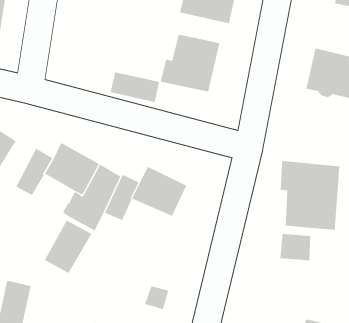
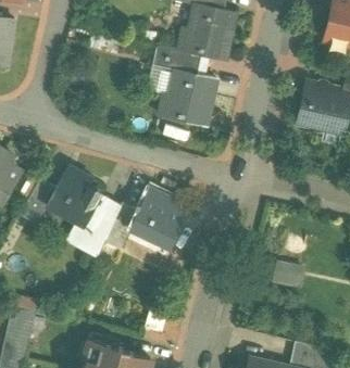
building: [110,72,160,102] -> [153,45,201,74]
building: [280,160,340,231] -> none
building: [44,220,92,275] -> none

